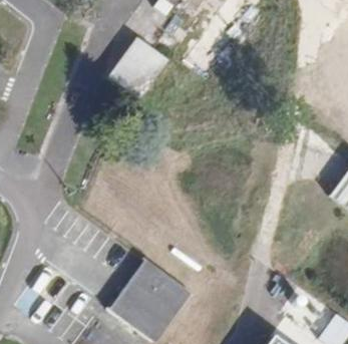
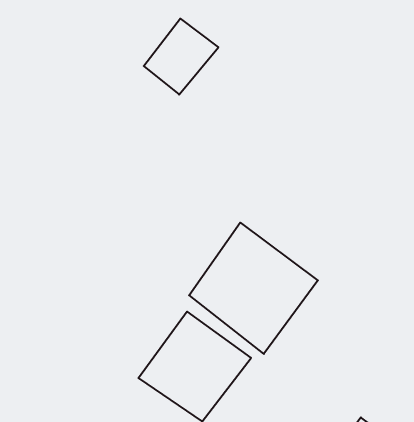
building: none -> [189,223,318,354]

